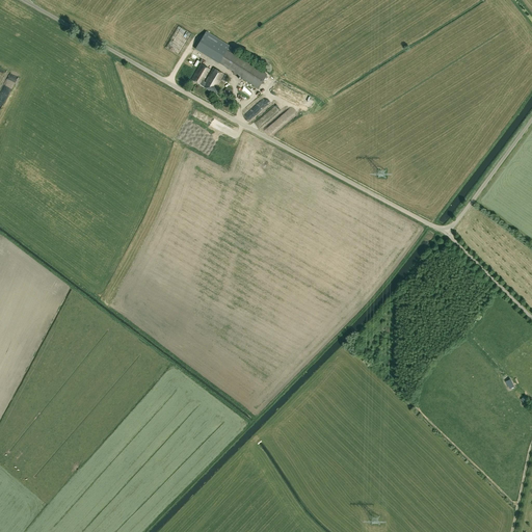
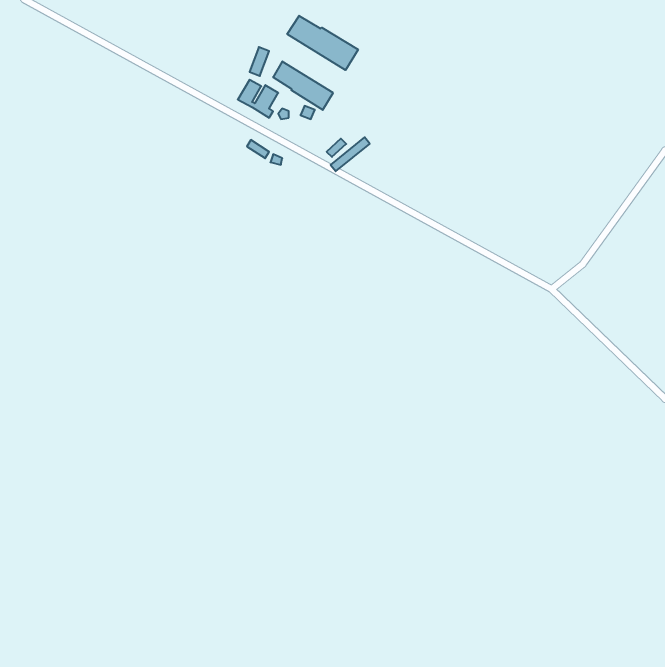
building: none -> [287,16,358,70]

